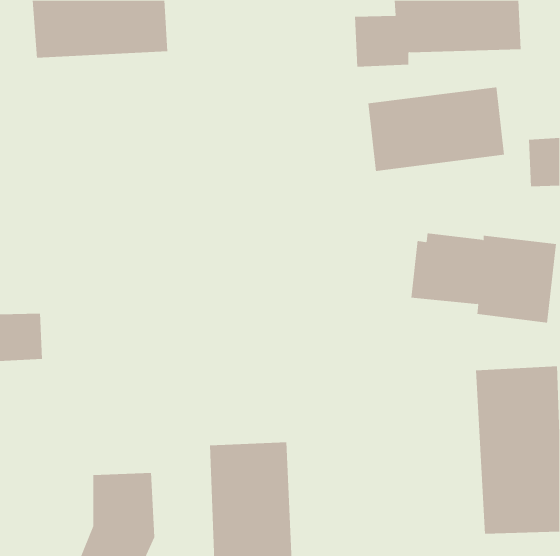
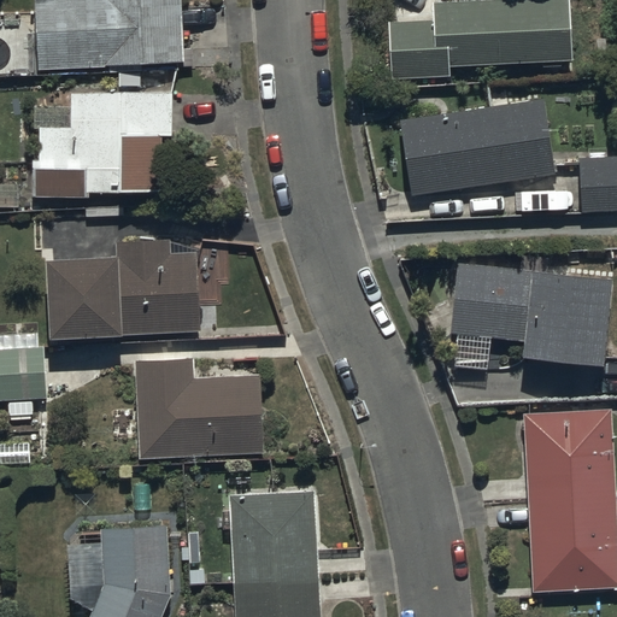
building: none -> [35,92,175,195]
building: none -> [49,239,201,335]
building: none -> [136,359,263,459]

